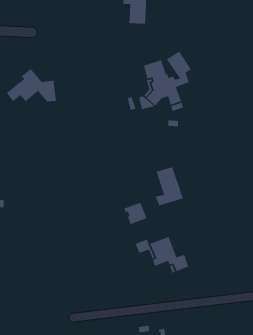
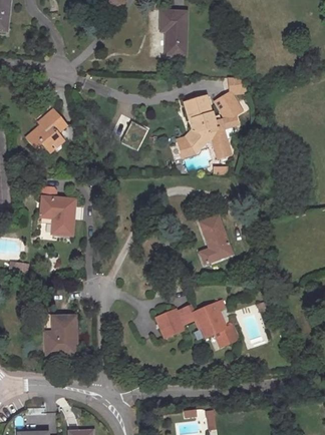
building: none -> [42,197,77,235]
building: [123,202,147,225] -> [153,308,182,335]
building: none -> [46,316,79,359]

